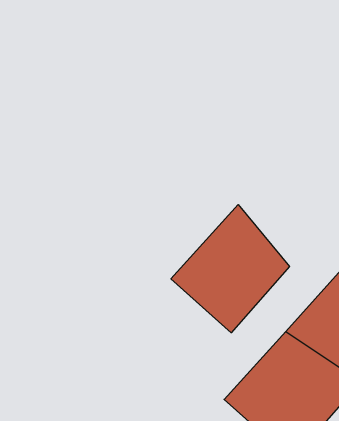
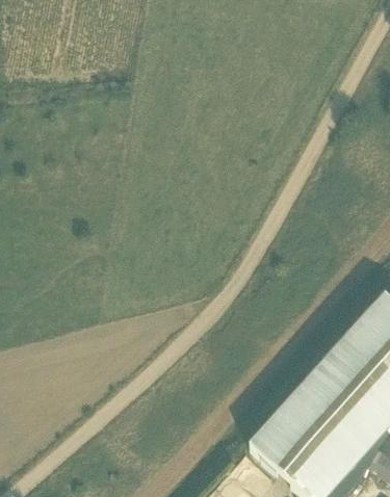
building: [171,205,289,333] -> none

